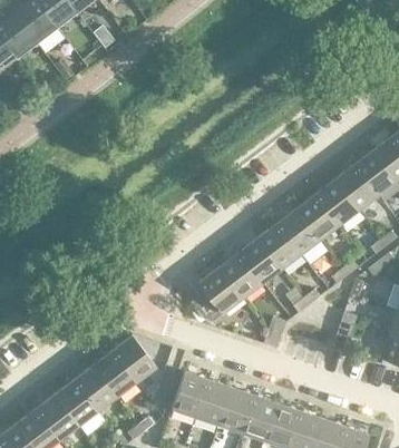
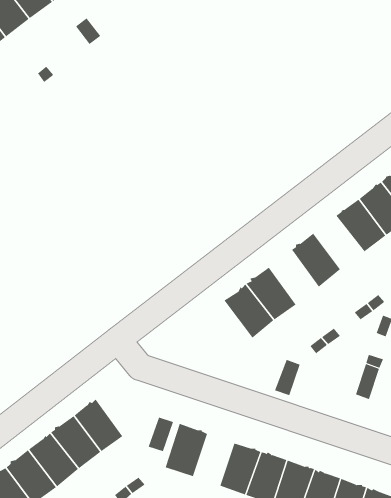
building: [298,194,341,240] -> none
building: [260,223,302,270] -> none
building: [193,266,245,322] -> none
building: [111,334,155,382] -> none
building: [195,380,230,425] -> none

